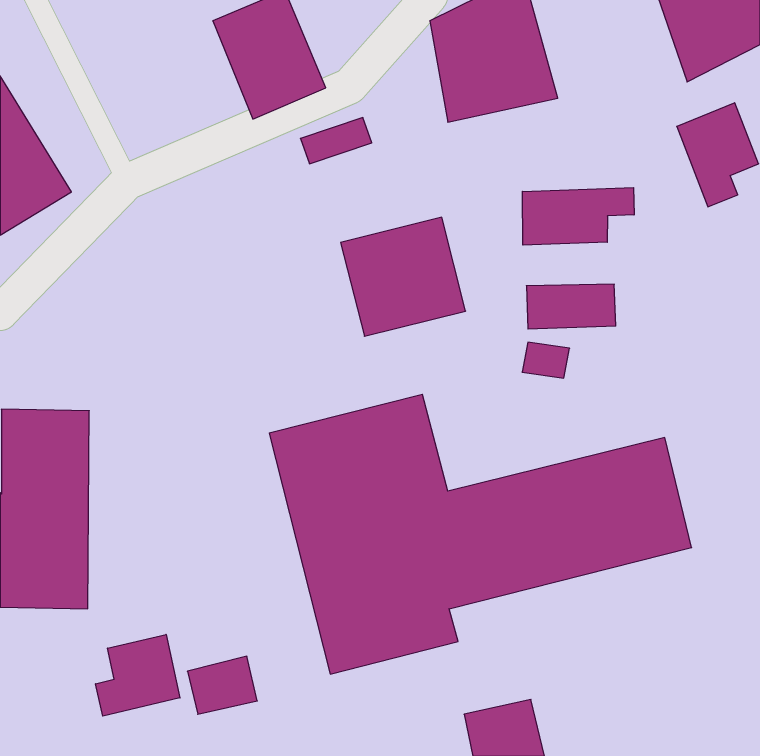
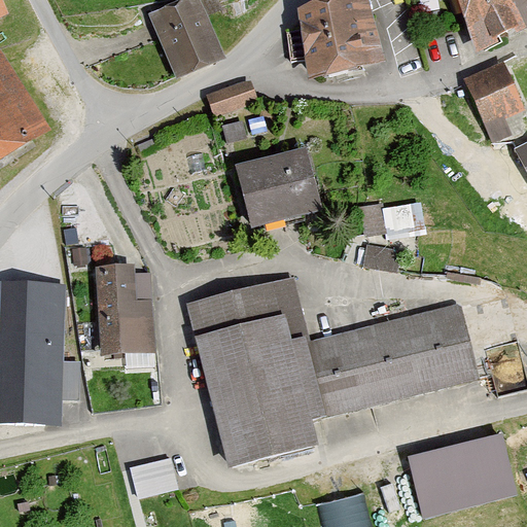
building: [522,188,634,245] -> none
building: none -> [93,266,155,354]
building: none -> [410,432,517,516]
building: [96,634,180,716] -> none

